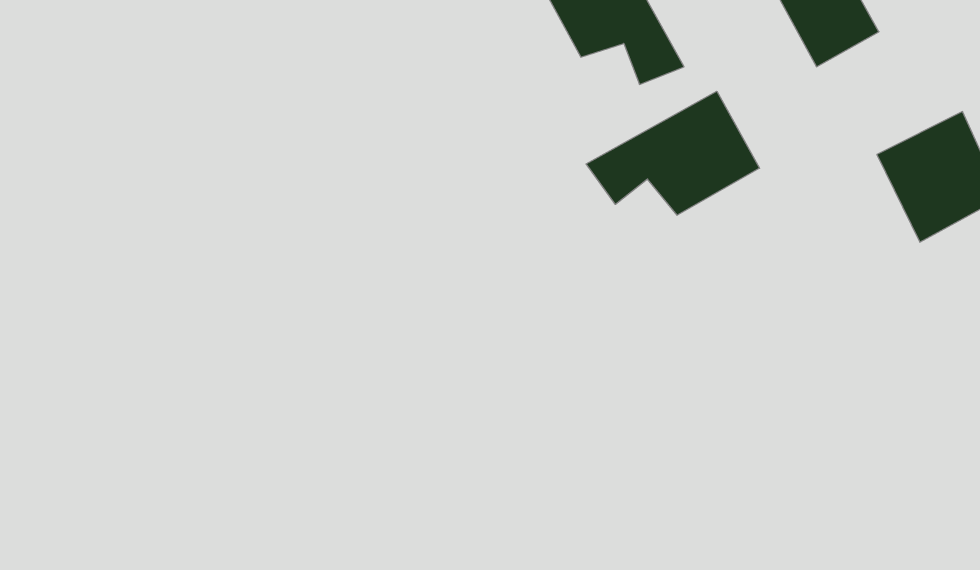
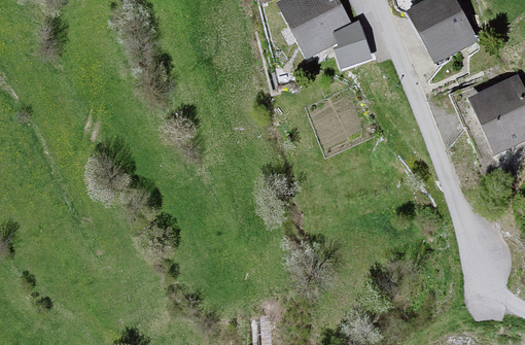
building: [586,91,760,215] -> none

